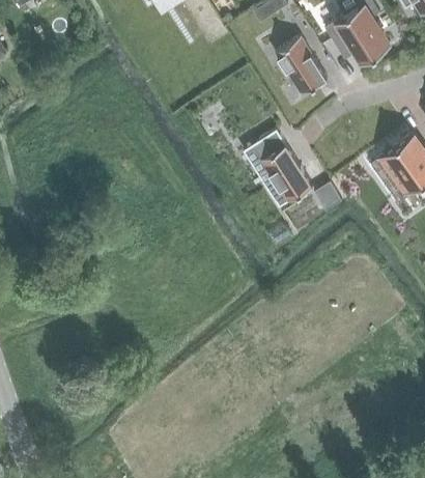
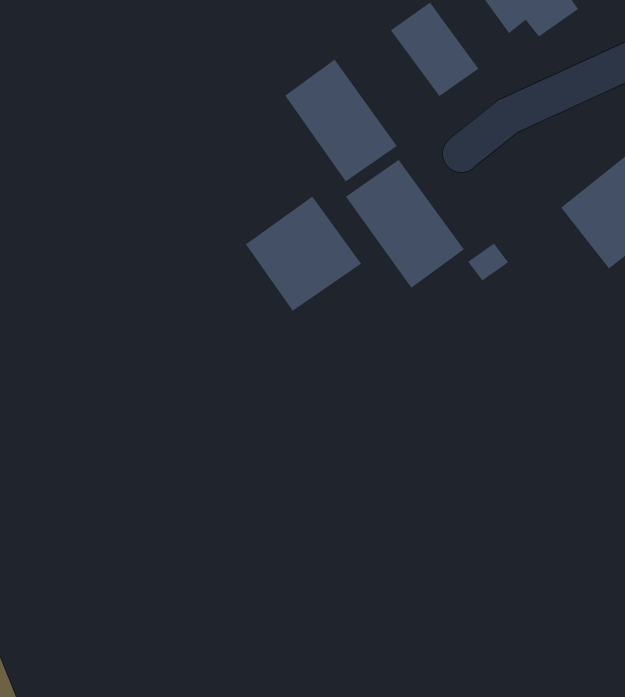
building: none -> [284,58,398,183]
building: none -> [245,195,362,312]

